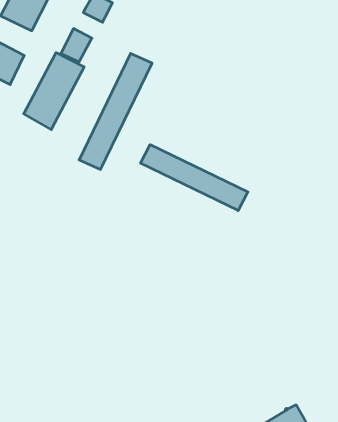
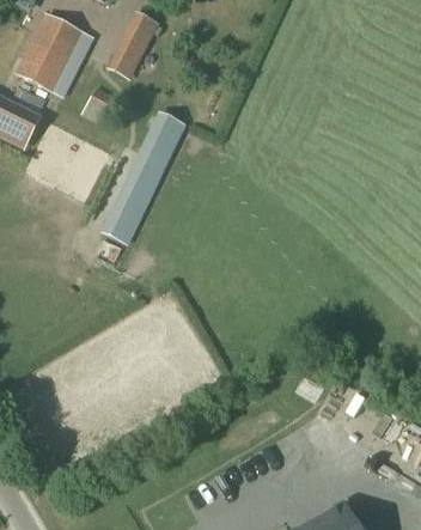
building: [24,53,84,130] -> none
building: [141,145,248,211] -> none

